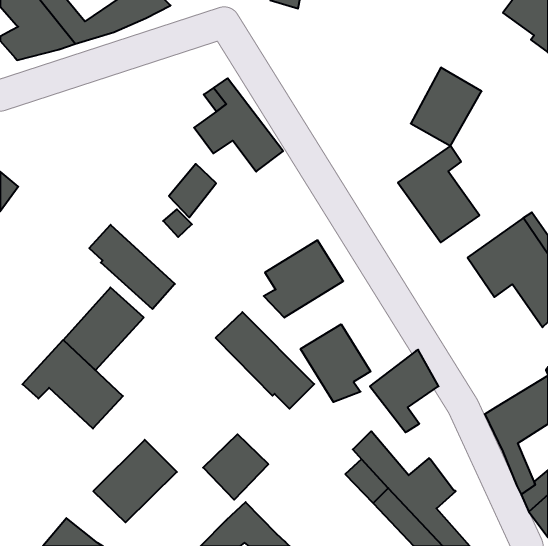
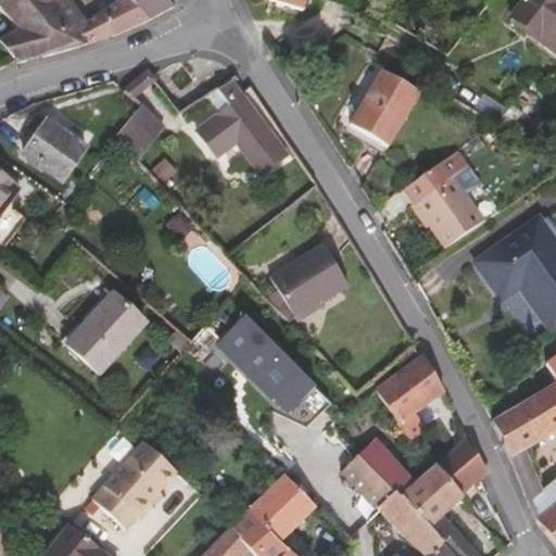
building: [411,68,482,146] -> [349,67,420,147]
building: none -> [21,117,87,182]
building: [169,164,216,217] -> [115,105,163,160]
building: [89,225,175,309] -> none
building: [301,324,371,402] -> none
building: [22,340,123,429] -> none
building: none -> [435,434,489,496]
building: [203,434,268,500] -> [249,475,315,541]

